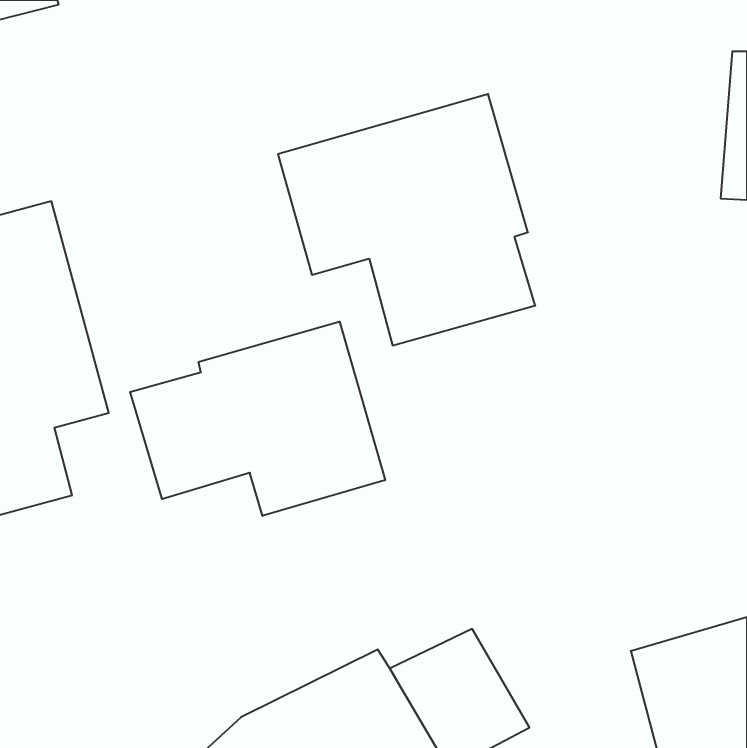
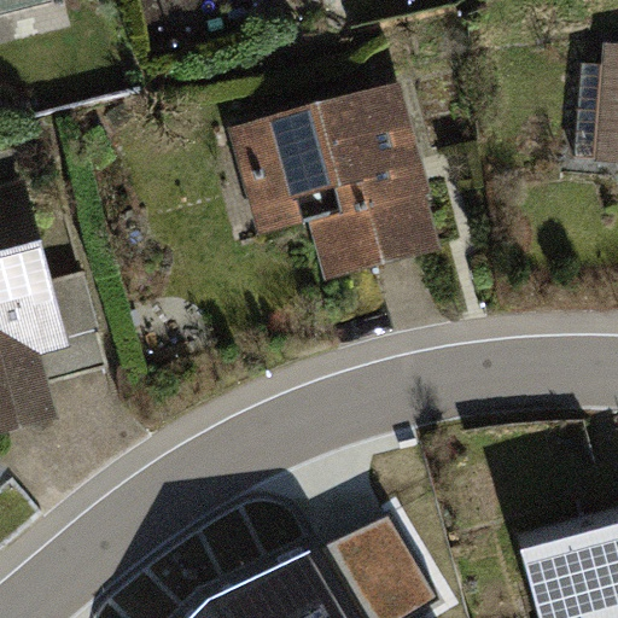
building: [130,322,385,516] -> none

